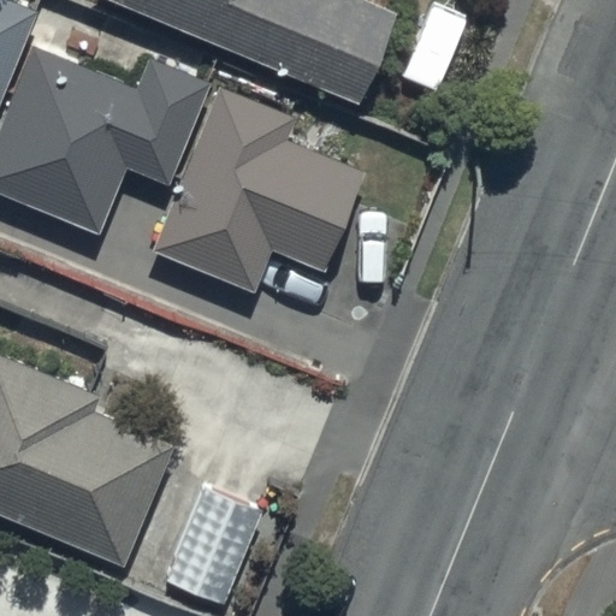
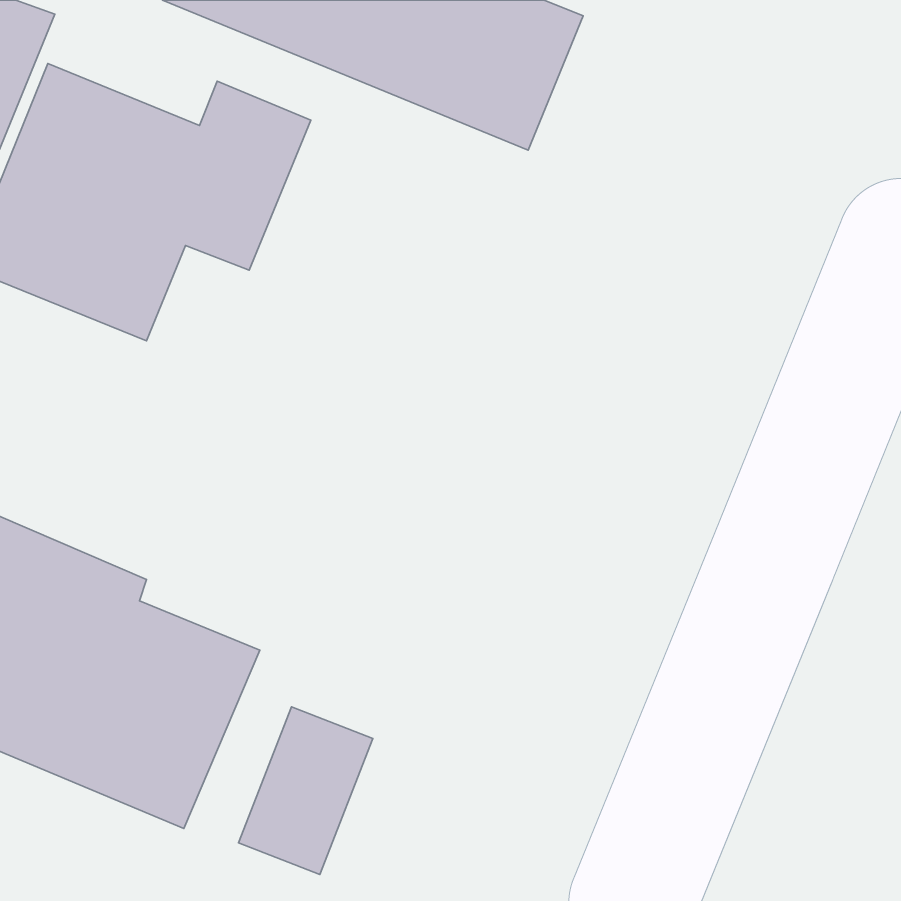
building: [153,87,365,291] -> none

